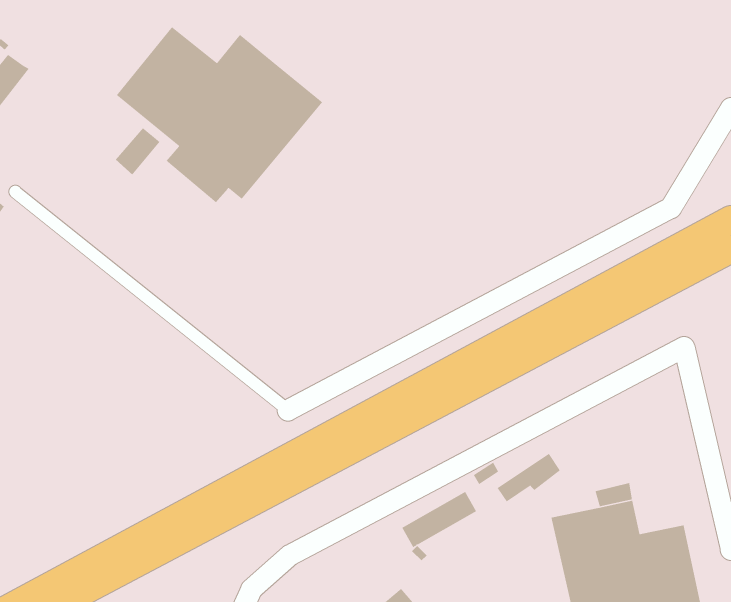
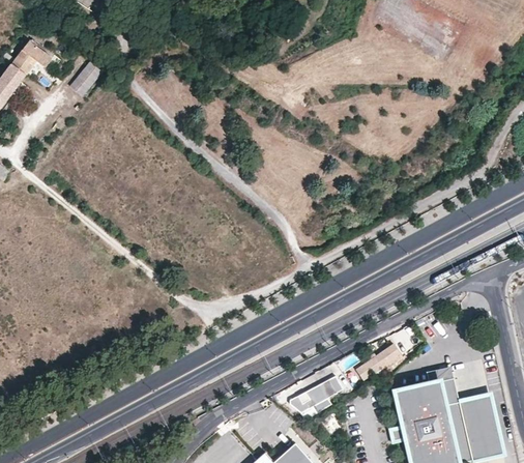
building: none -> [12,39,52,71]
building: [116,26,323,203] -> none
building: [115,127,160,176] -> [71,60,104,94]

